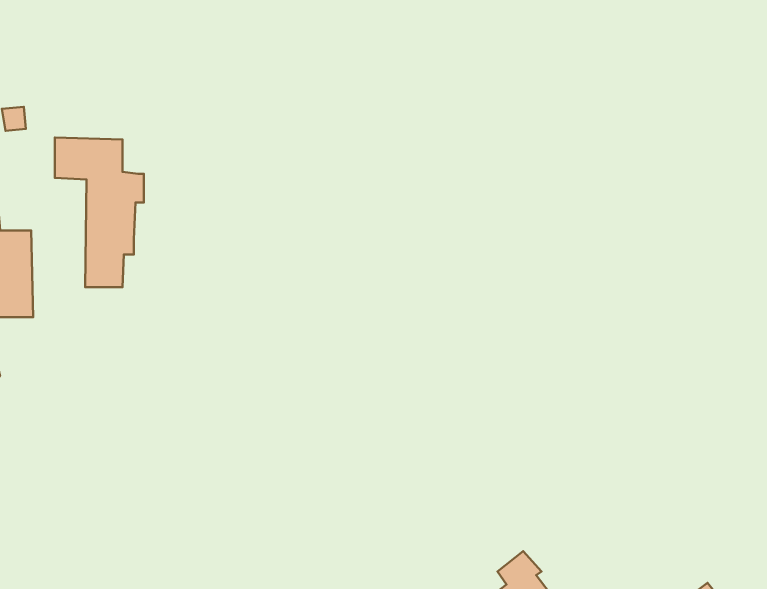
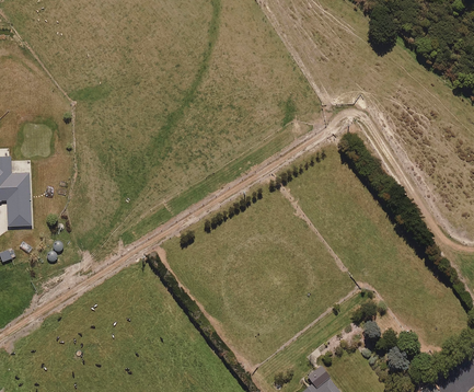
building: [55,137,144,287] -> none

